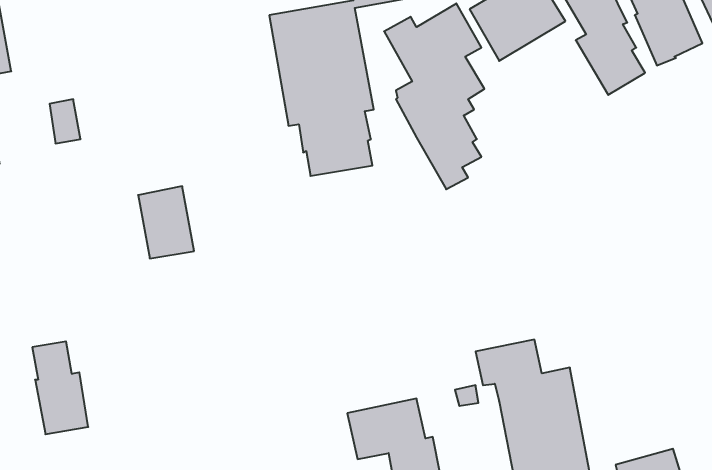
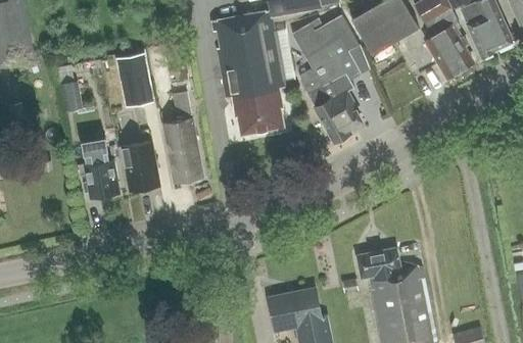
building: none -> [117,53,153,107]
building: none -> [162,92,204,184]
building: [32,341,88,434] -> [82,137,121,201]

